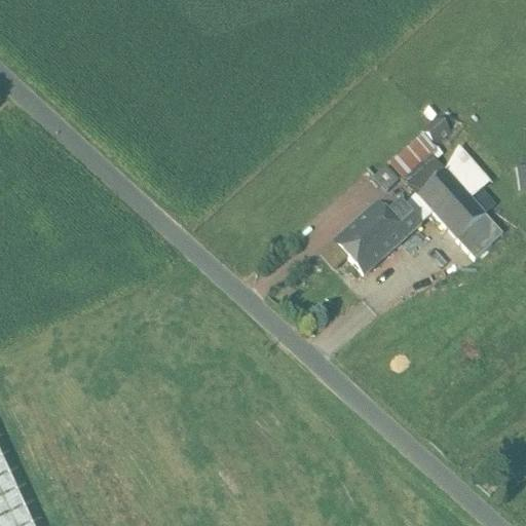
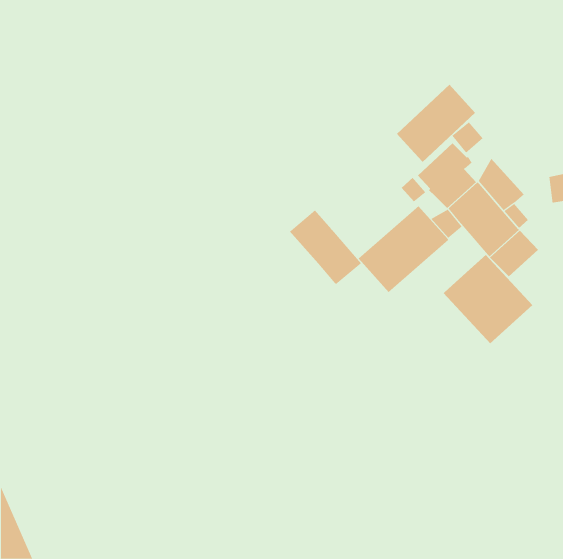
building: none -> [396,84,476,163]
building: none -> [289,210,362,285]
building: none -> [443,254,533,344]

